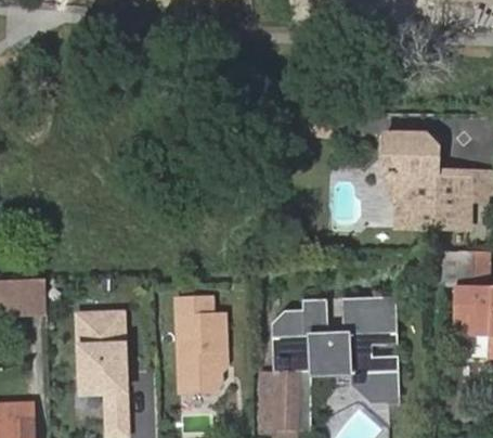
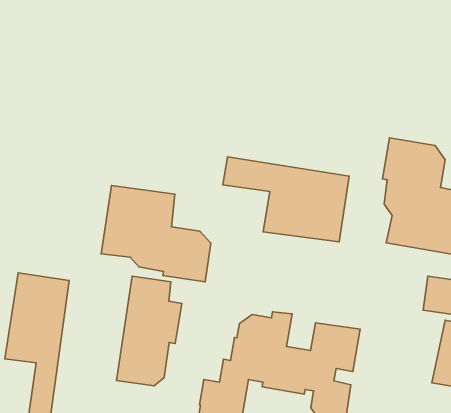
building: none -> [223,157,349,242]
building: none -> [101,186,211,282]

